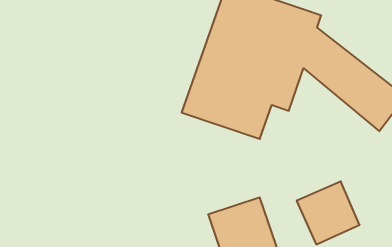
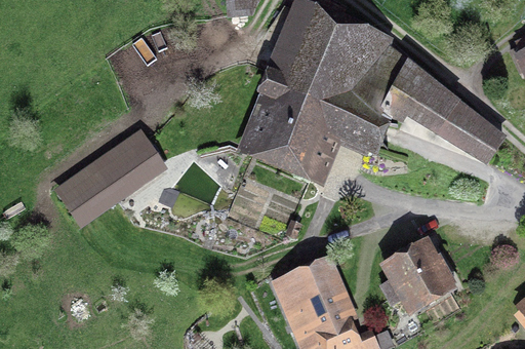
building: none -> [54,135,168,225]

